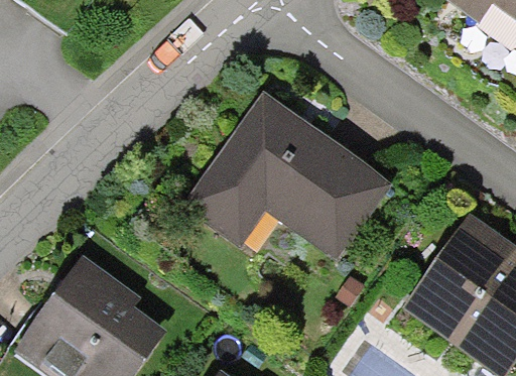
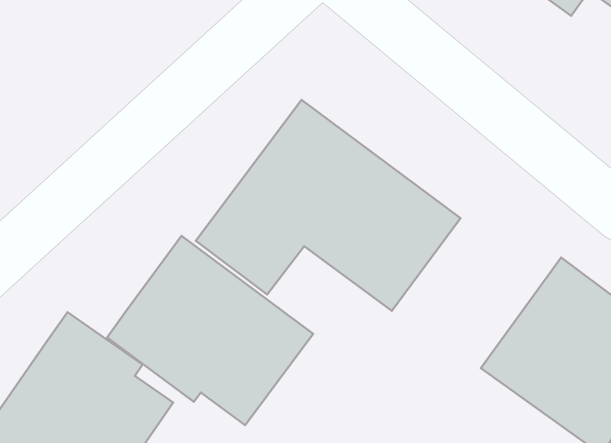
building: none -> [107,236,313,425]

